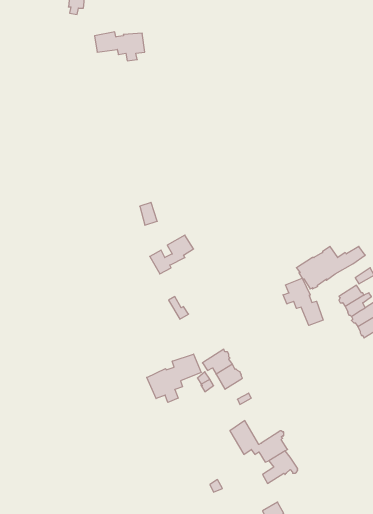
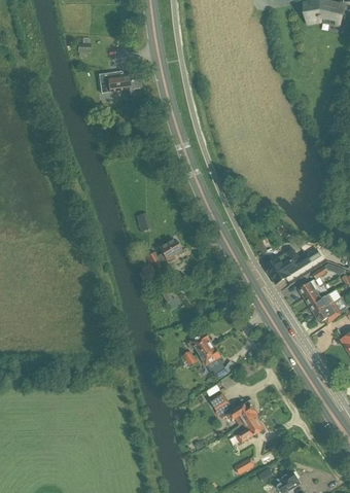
building: [283,278,323,325] -> none
building: [147,354,201,402] -> none

